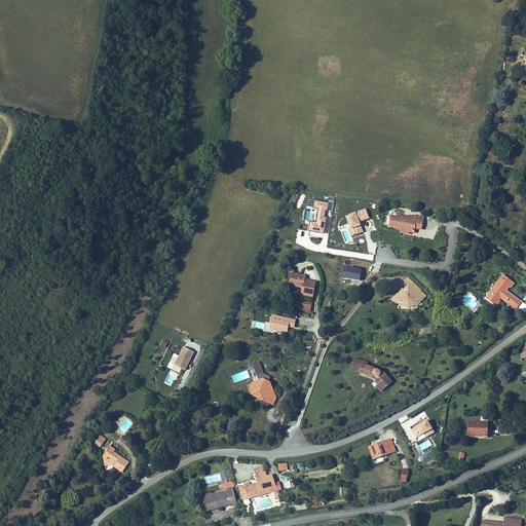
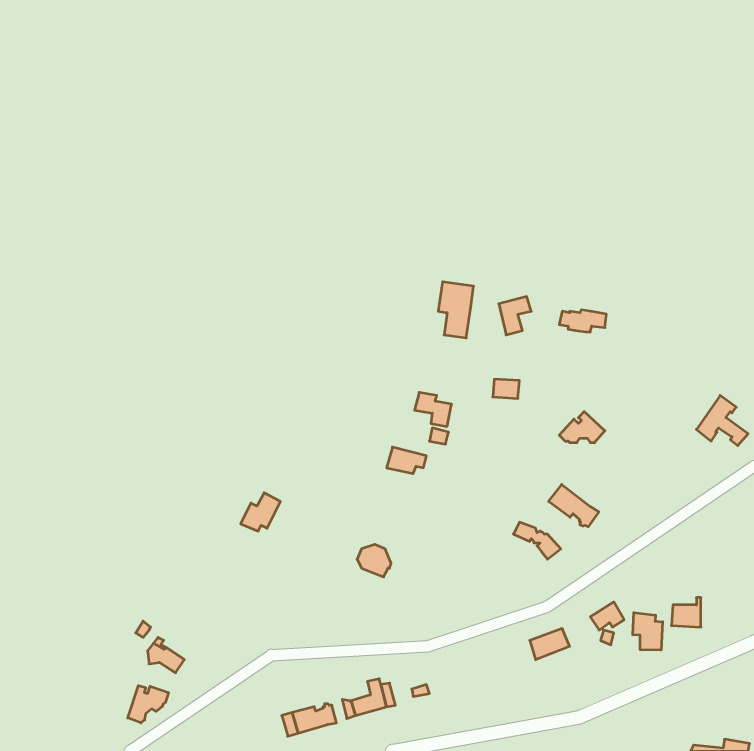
building: none -> [549,484,599,527]
building: none -> [633,613,663,650]
building: none -> [128,686,169,723]

